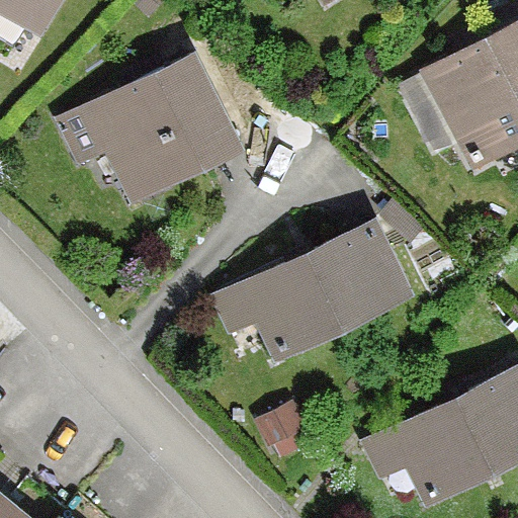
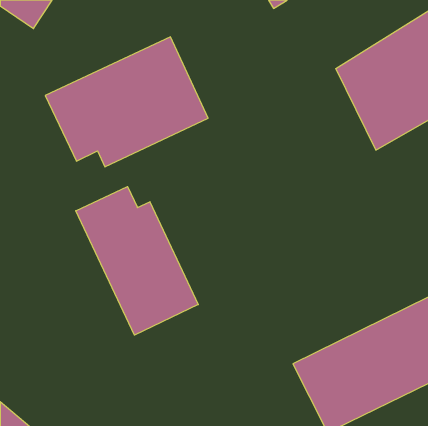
building: [208,214,419,373] -> none
building: none -> [76,187,198,335]

